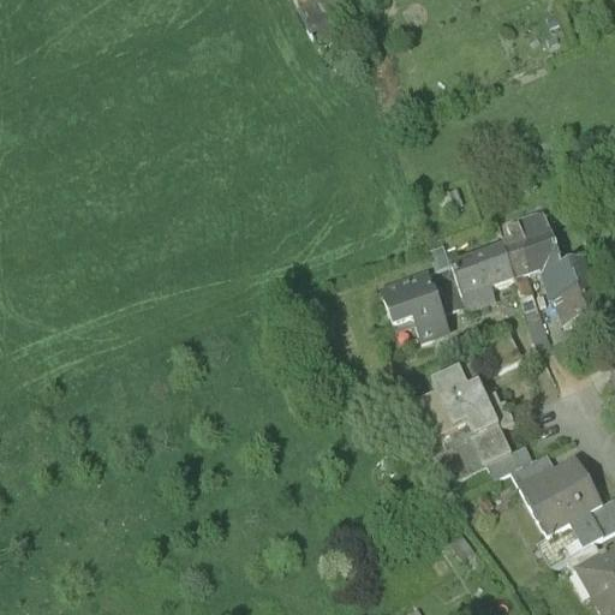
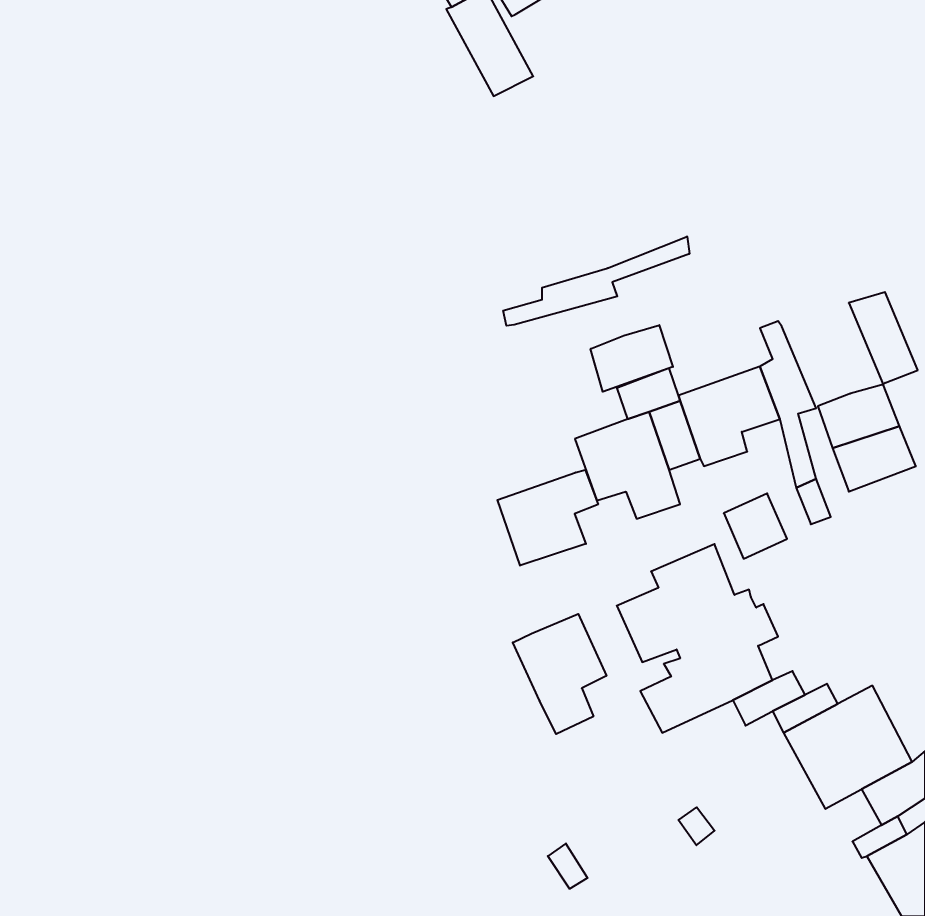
building: none -> [503,236,689,326]
building: [518,209,563,270] -> [849,292,918,385]
building: none -> [591,325,673,392]
building: none -> [497,470,598,566]
building: none -> [513,614,606,734]

